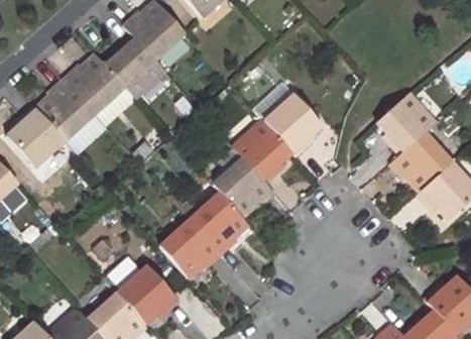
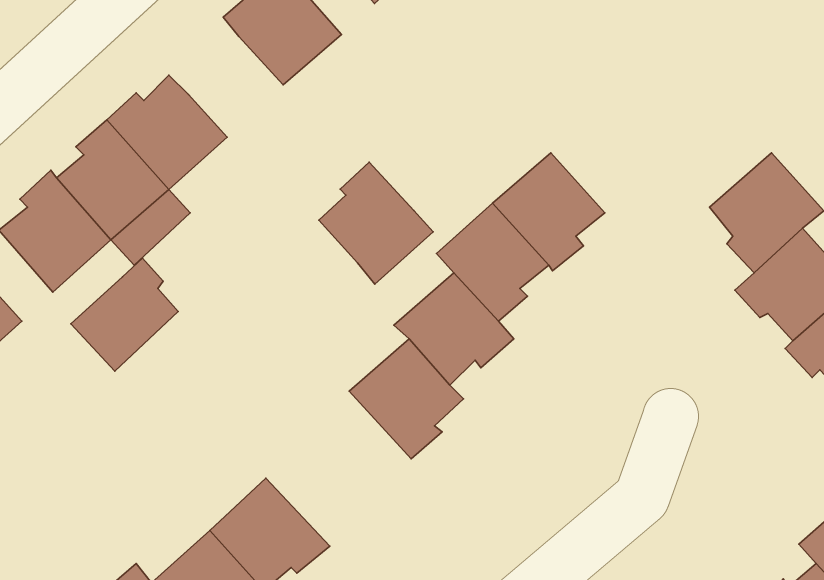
building: [106,34,165,98] -> [319,162,433,284]
building: none -> [71,258,178,371]
building: [160,219,222,277] -> none

